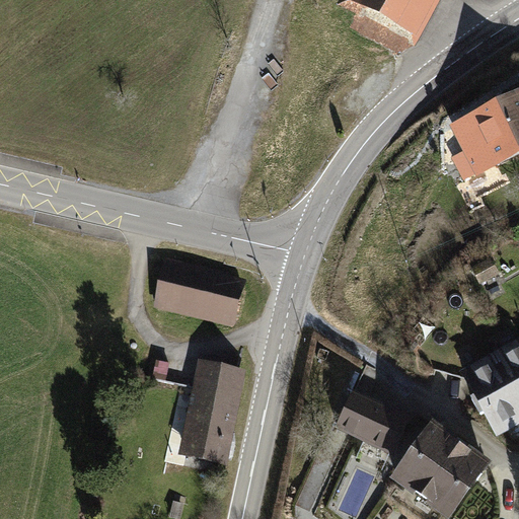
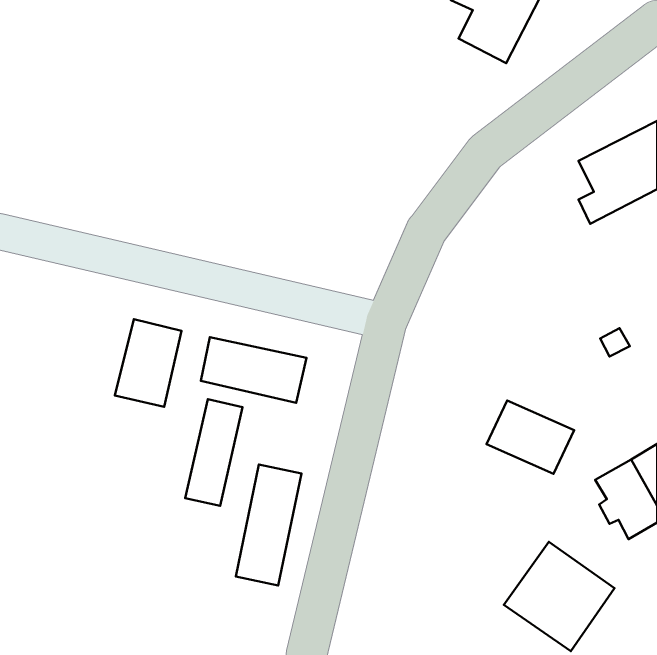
building: none -> [115,319,181,407]
building: none -> [185,399,243,506]
building: [337,392,405,450] -> [486,400,574,474]

